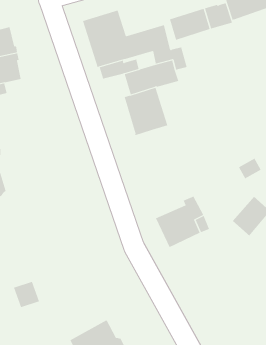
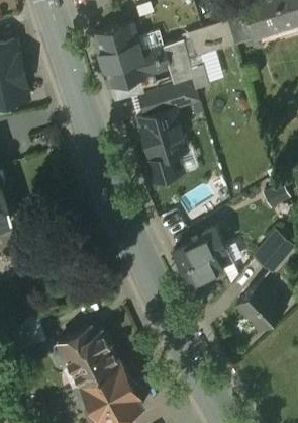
building: none -> [143,154,176,180]
building: none -> [236,280,286,331]
building: none -> [53,324,119,384]

